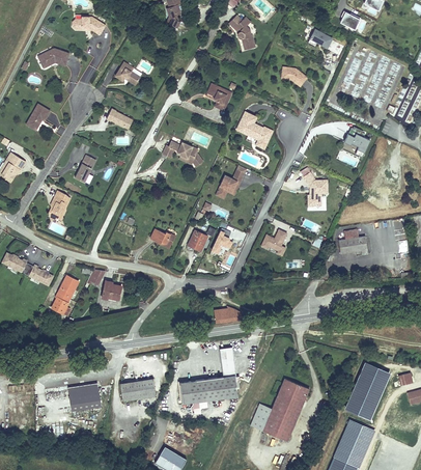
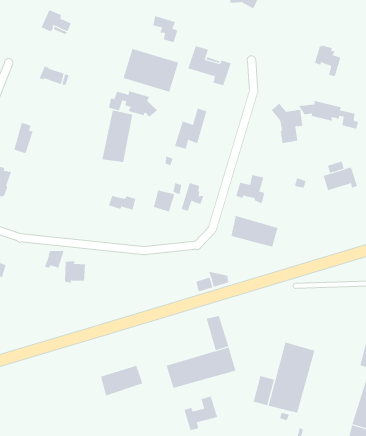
building: none -> [123,48,179,92]
building: none -> [102,110,133,163]
building: none -> [298,100,359,130]
building: none -> [231,215,278,247]
building: [51,274,79,314] -> none
building: [68,383,101,411] -> none
building: none -> [184,396,218,431]

